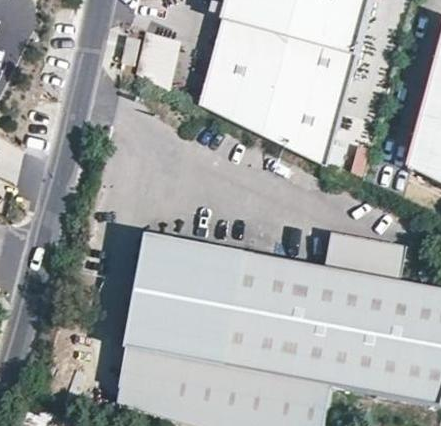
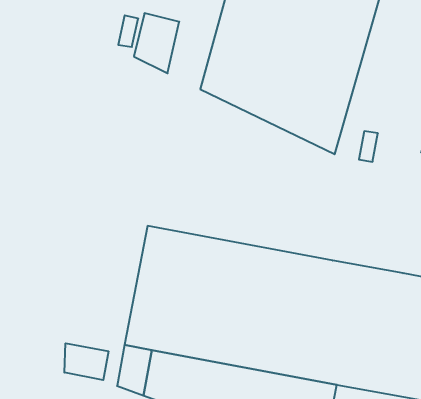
building: [323,229,397,279] -> none
building: none -> [64,343,108,380]

